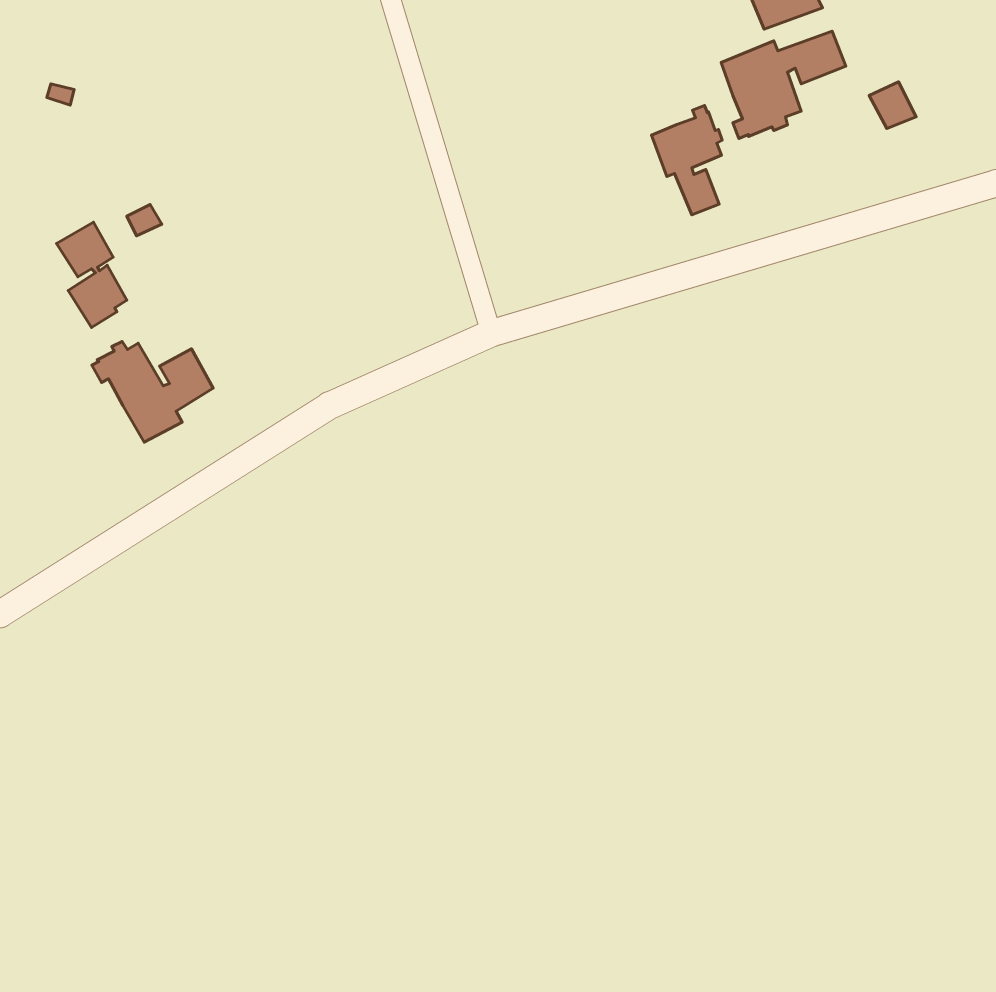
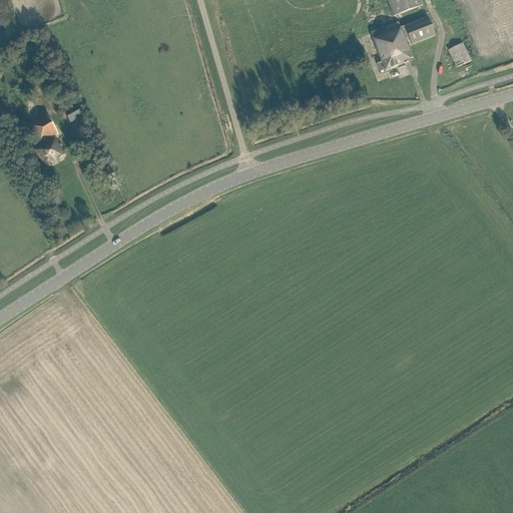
building: [651,105,722,215] -> none
building: [92,342,213,442] -> none

